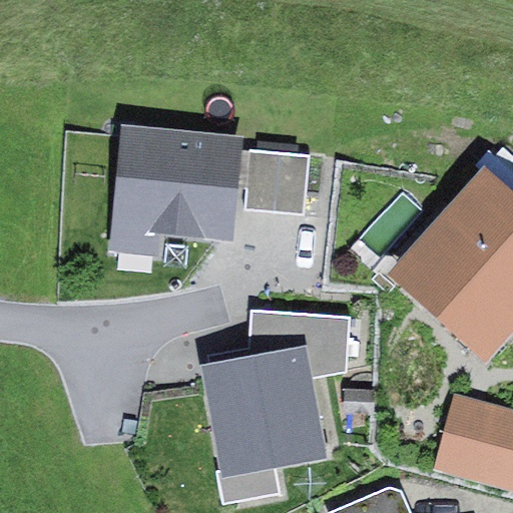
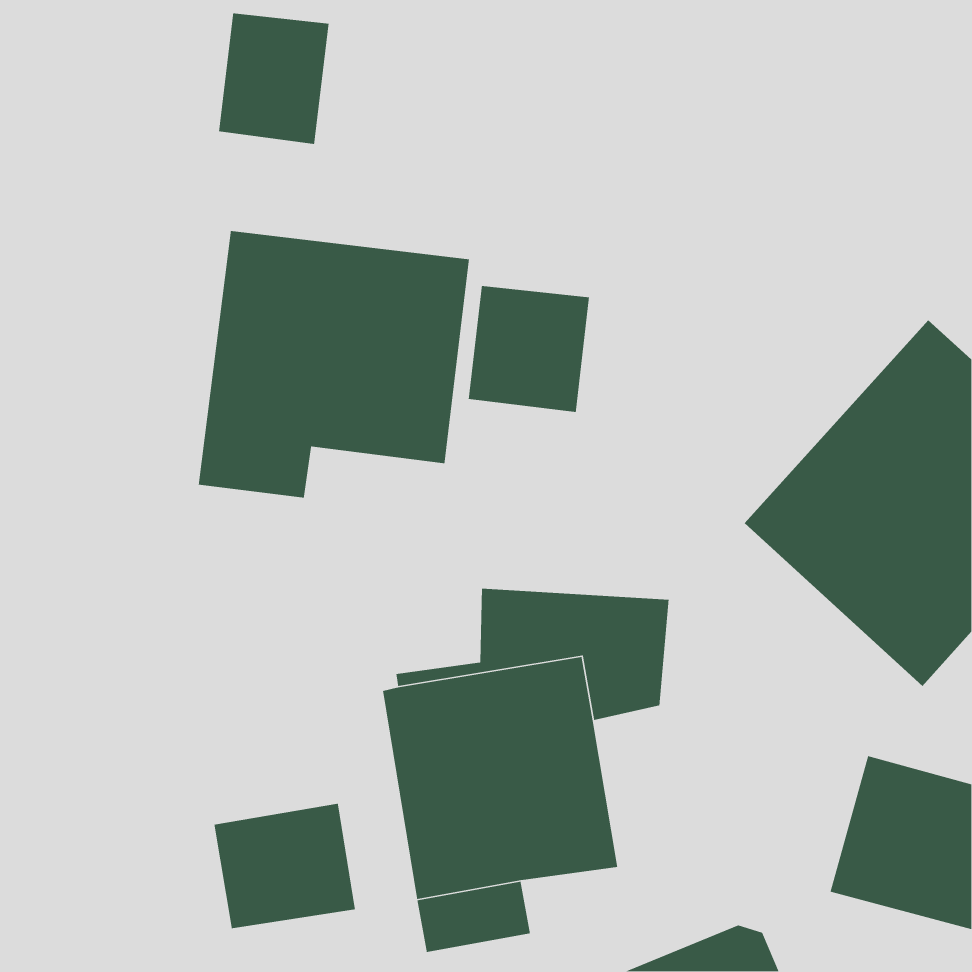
building: none -> [218,13,329,145]
building: none -> [214,803,356,929]

